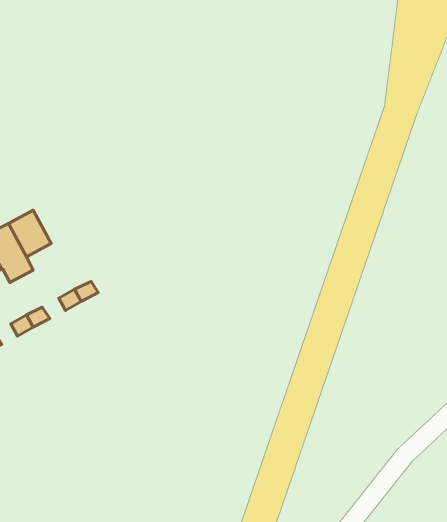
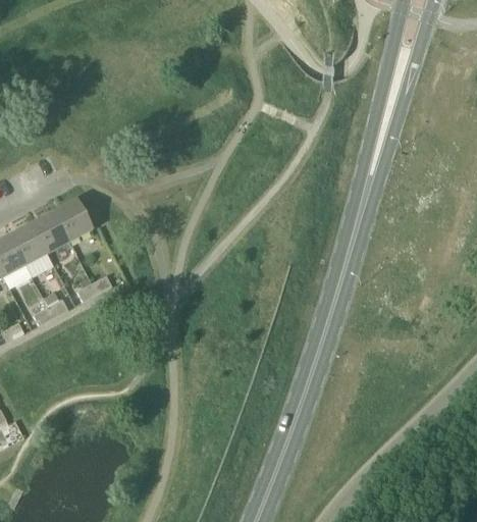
building: none -> [52,199,91,241]

